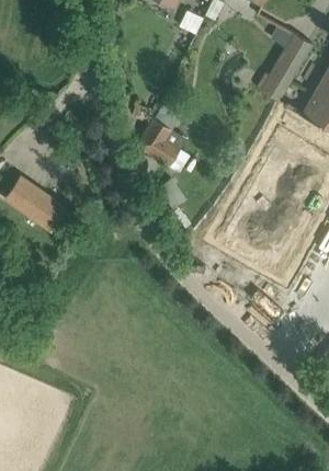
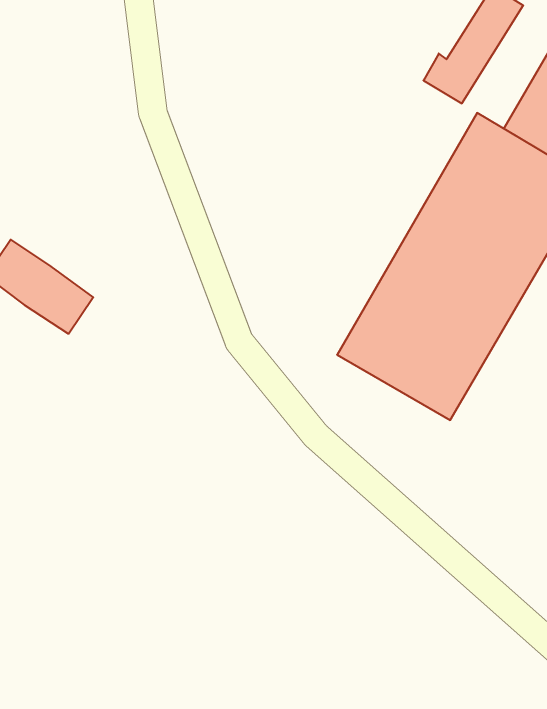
building: [136,118,180,168] -> none

